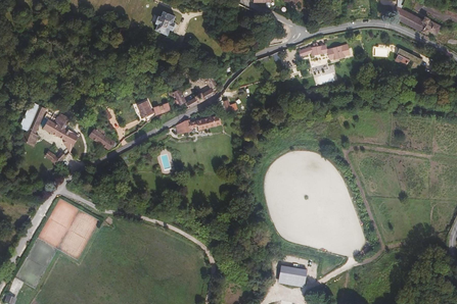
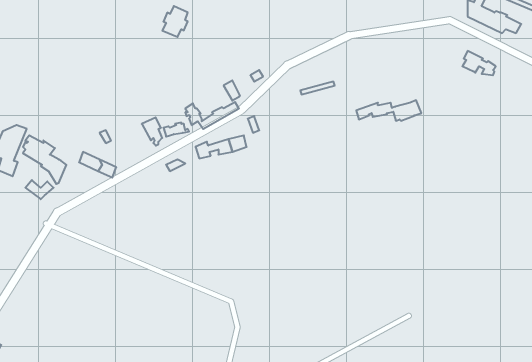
building: [298,41,350,57] -> [356,100,421,121]
building: [278,264,307,287] -> none

